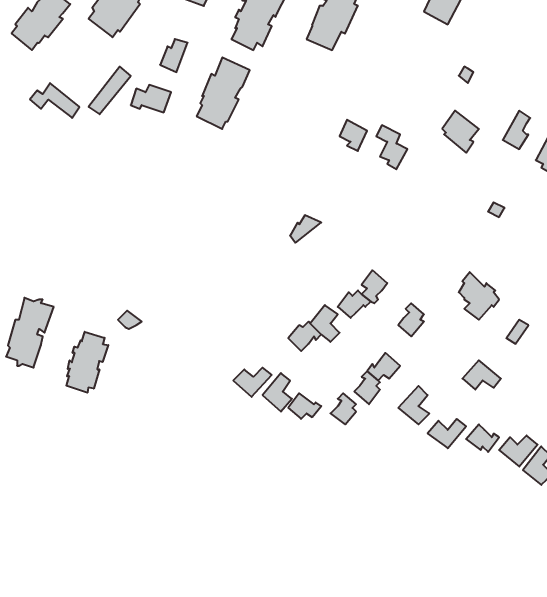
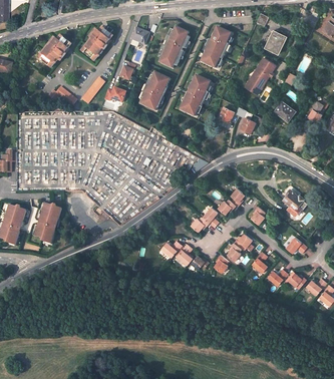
building: none -> [245,57,276,94]
building: none -> [180,74,211,115]
building: [66,332,108,393] -> none

